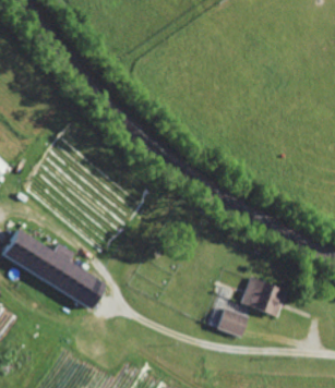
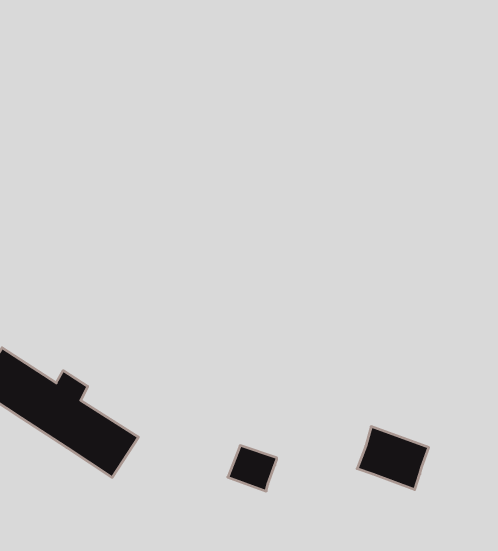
building: [217,308,248,337] -> [228,446,277,491]

